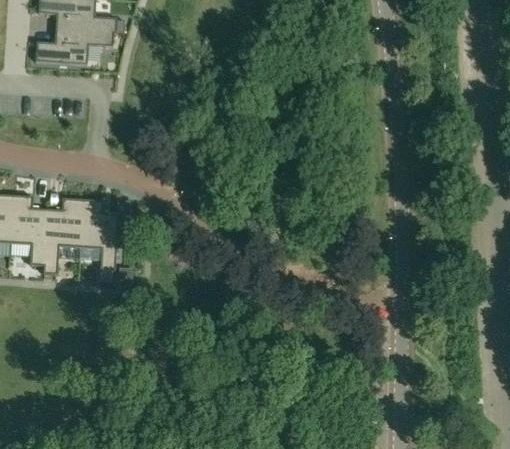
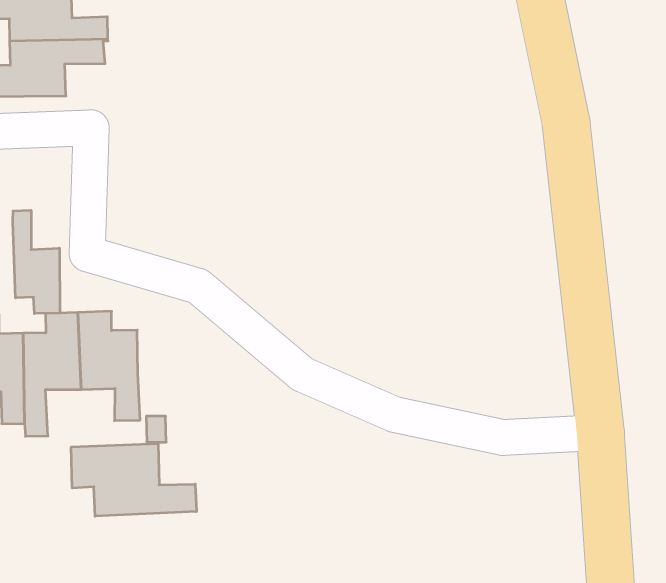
building: none -> [13,210,60,314]
building: none -> [71,444,196,516]

